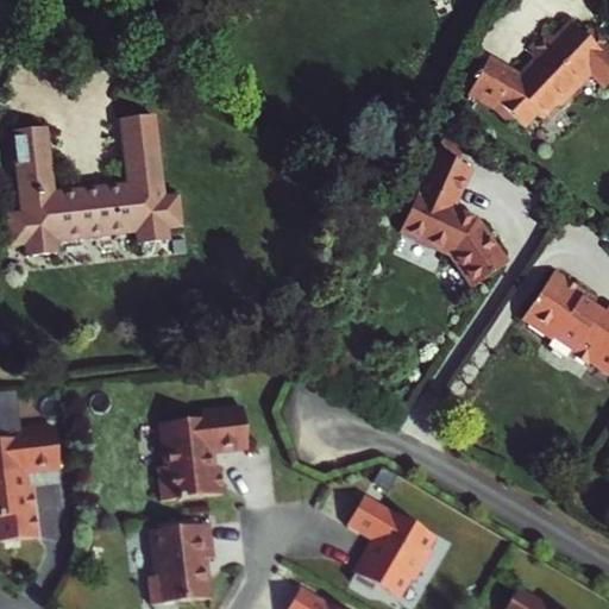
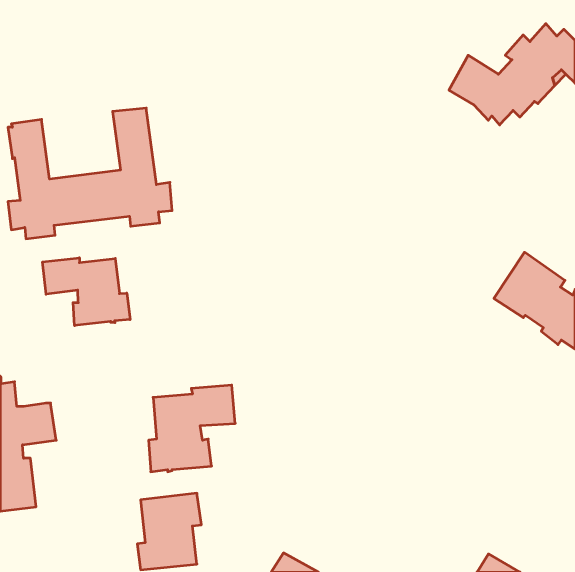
building: [400,153,506,290] -> none
building: none -> [43,258,130,326]
building: [346,491,433,596] -> none

